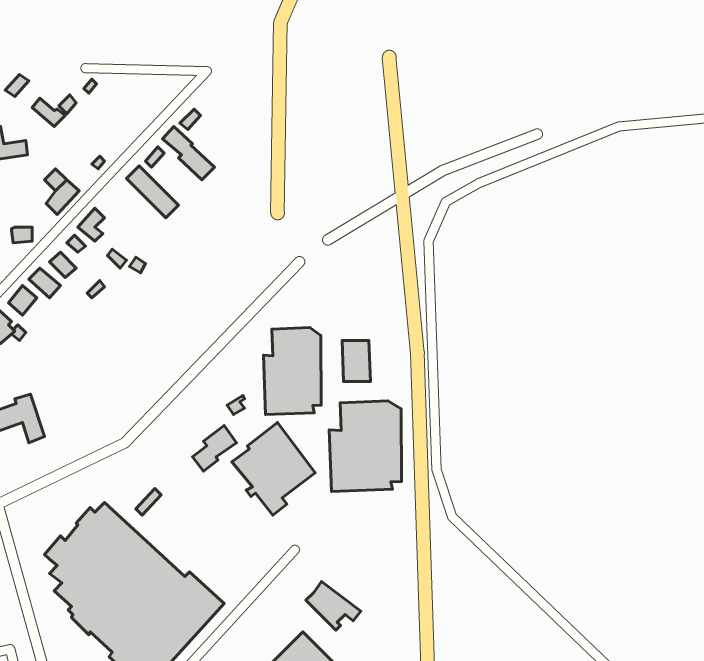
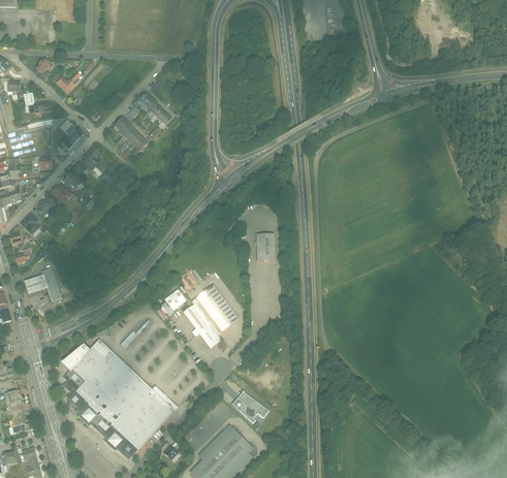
building: [263,328,321,415] -> none
building: [329,401,401,492] -> none

